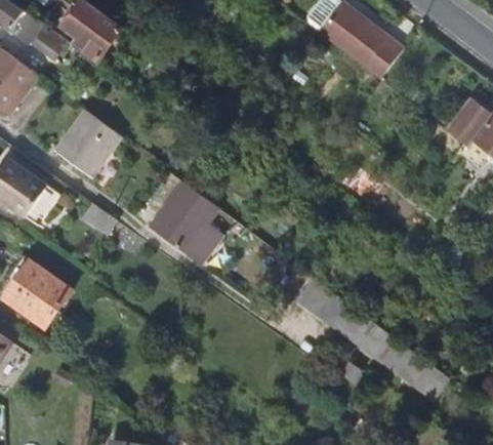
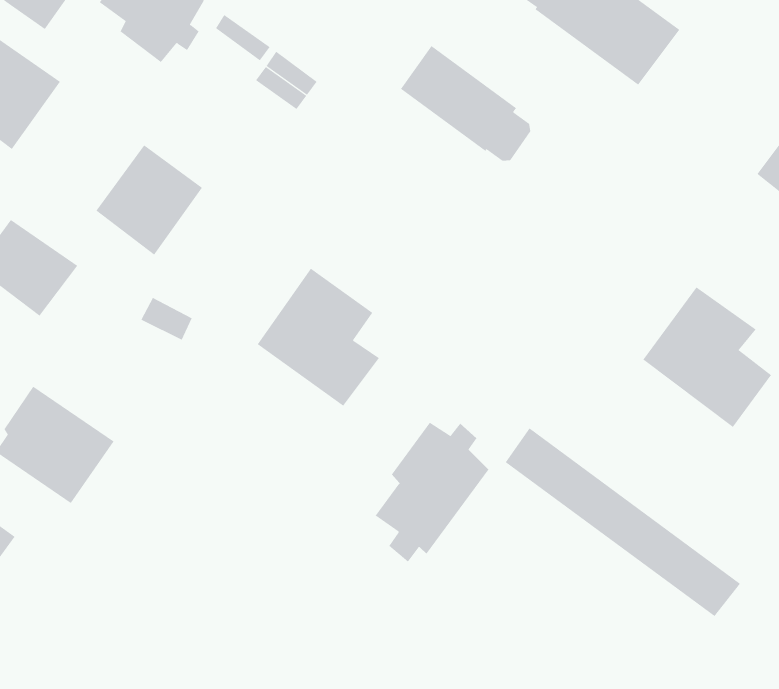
building: none -> [400,45,531,162]
building: none -> [642,286,772,428]
building: none -> [375,422,489,562]

